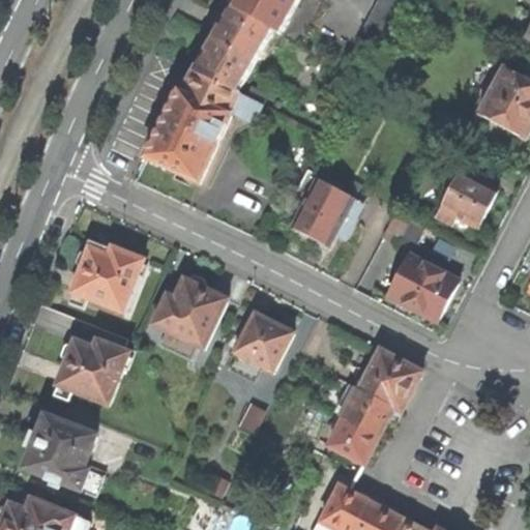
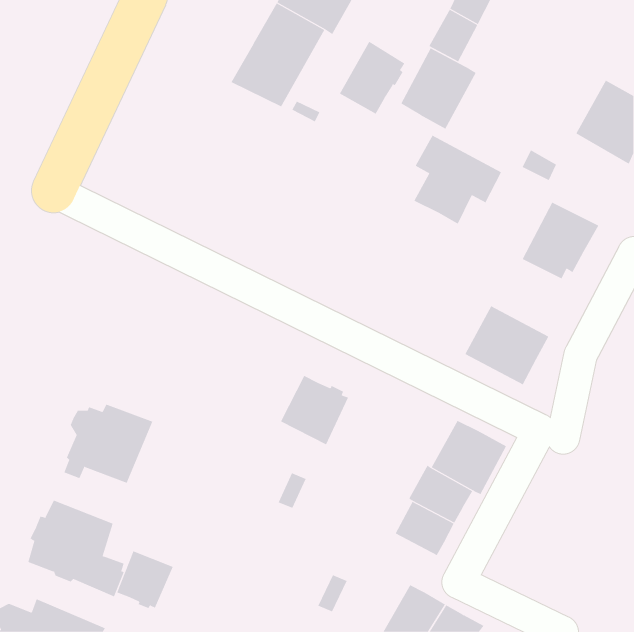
building: none -> [339,41,405,114]
building: none -> [400,48,477,129]
building: [142,68,238,180] -> none
building: [289,170,362,244] -> [413,135,502,225]
building: [67,241,142,310] -> none
building: [151,272,226,346] -> none
building: none -> [116,550,173,609]

